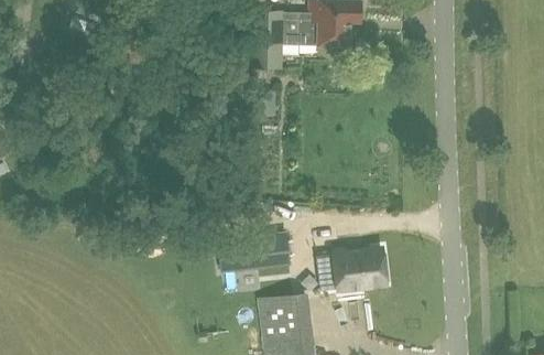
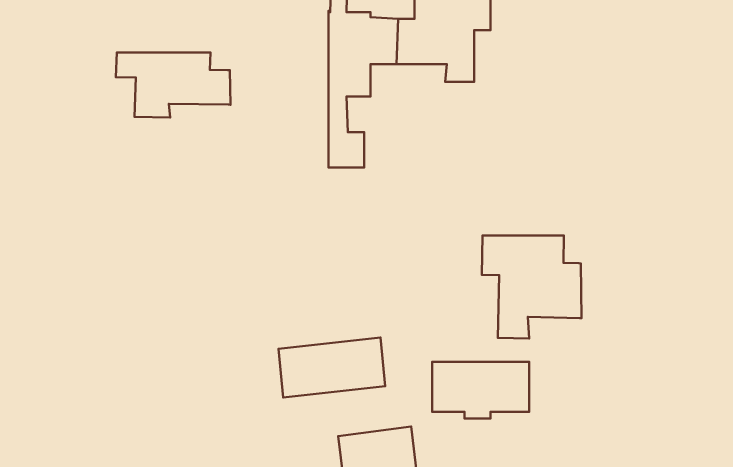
building: none -> [116,53,231,117]
building: none -> [482,236,581,339]

